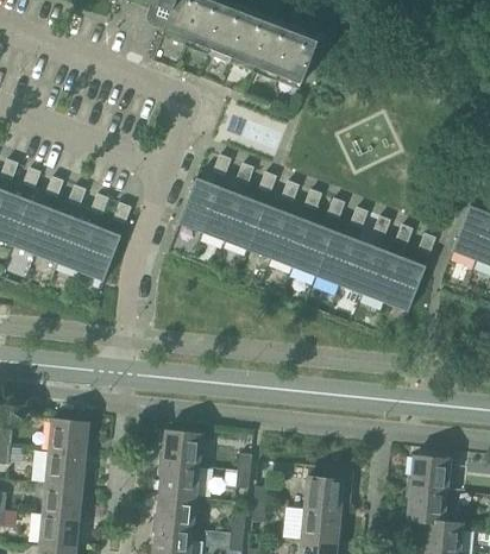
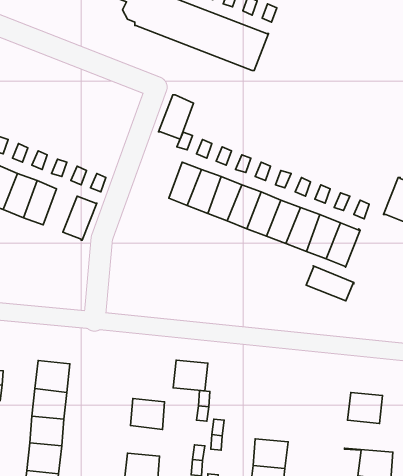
building: [178,180,219,231] -> [159,95,194,139]
building: [58,220,98,270] -> none
building: none -> [306,266,354,301]
building: [162,430,202,466] -> [173,360,208,391]
building: [303,468,352,512] -> none
building: [407,487,463,524] -> none
building: [156,493,196,529] -> none

